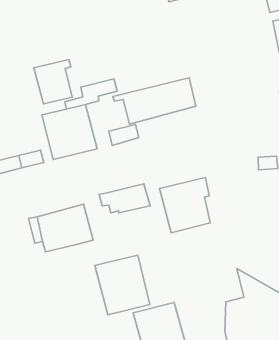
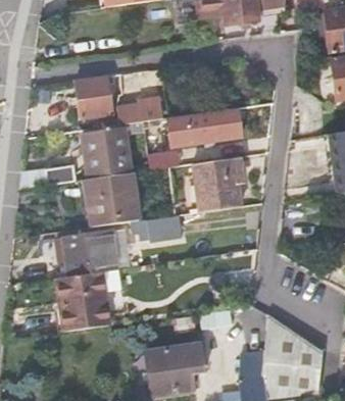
building: none -> [85,173,141,228]
building: [160,178,210,233] -> [192,158,243,212]
building: [95,255,150,315] -> [54,271,107,331]

